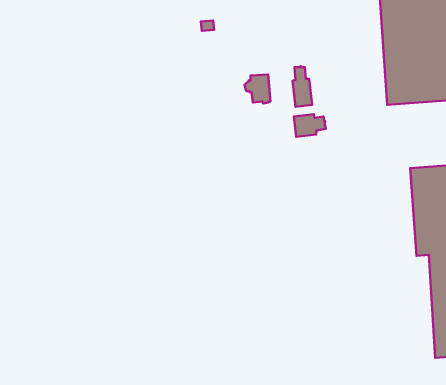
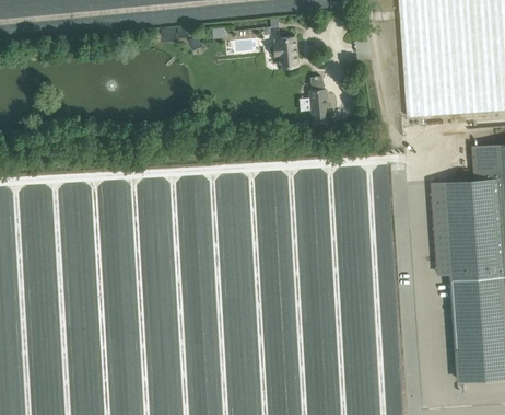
building: [244,74,270,104] -> [270,37,297,68]
building: [294,114,326,137] -> none

